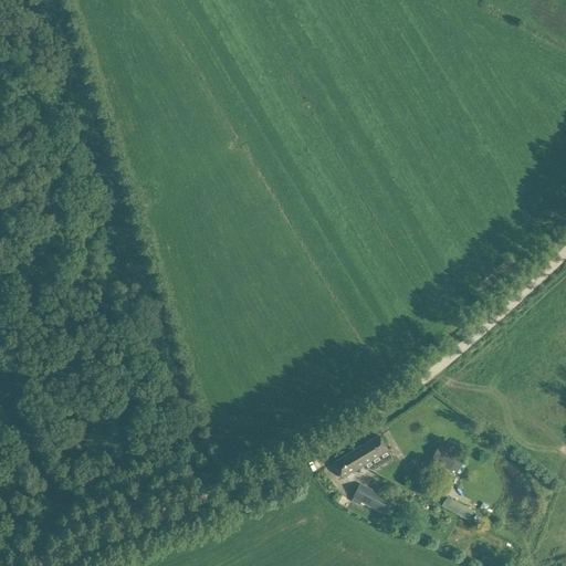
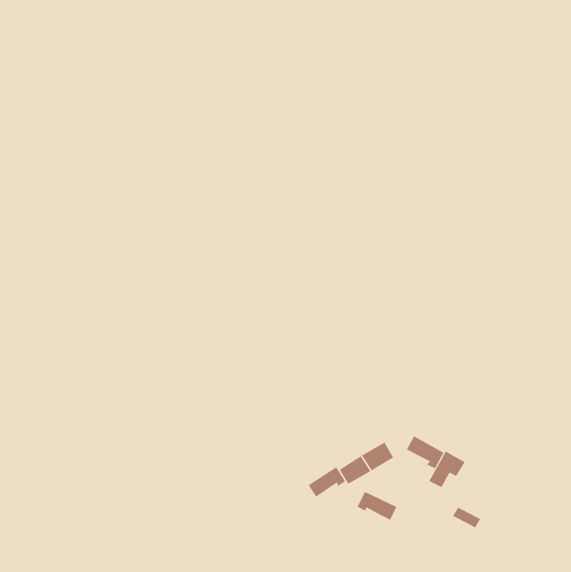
building: none -> [406,436,444,469]
building: none -> [308,467,346,498]

